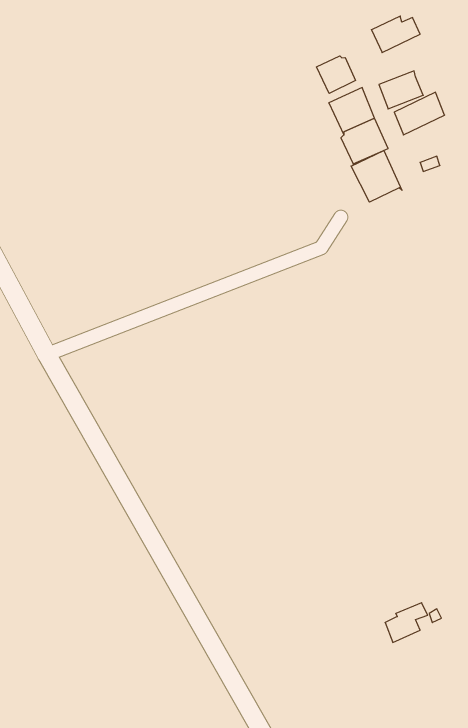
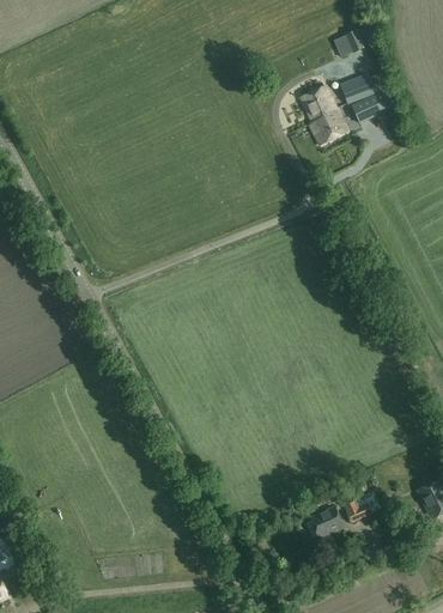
building: [317,56,356,93] -> none
building: [351,150,402,202] -> none
building: none -> [309,506,342,538]

